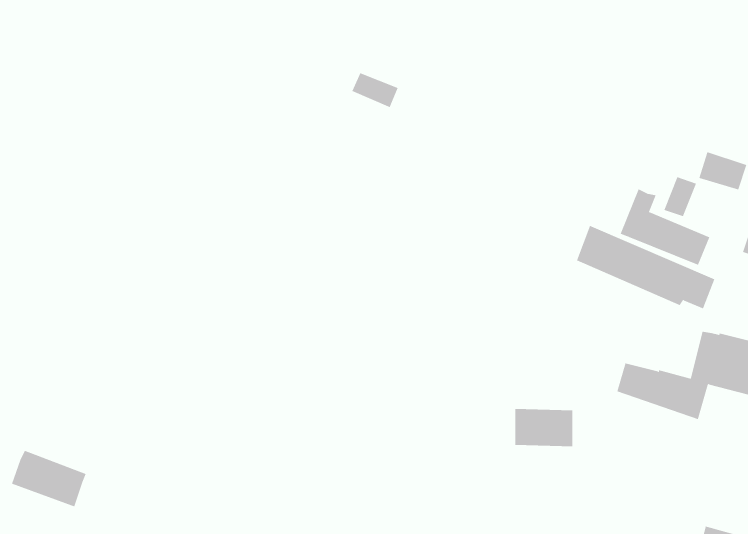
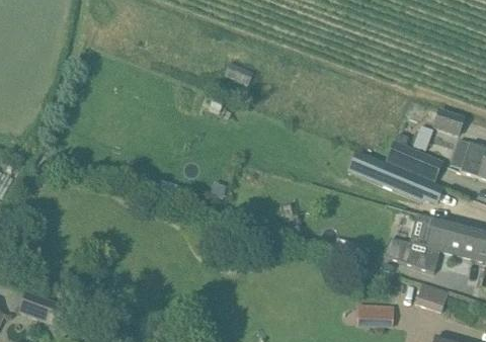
building: none -> [410,213,436,247]
building: [515,408,573,447] -> [357,304,393,327]
building: none -> [414,280,448,312]

